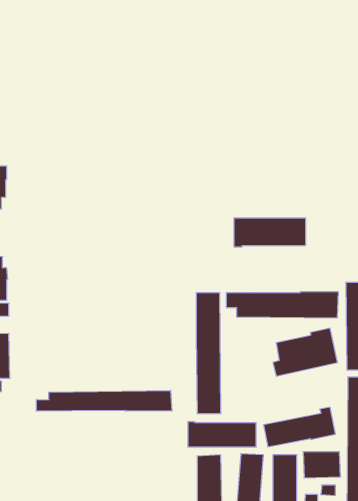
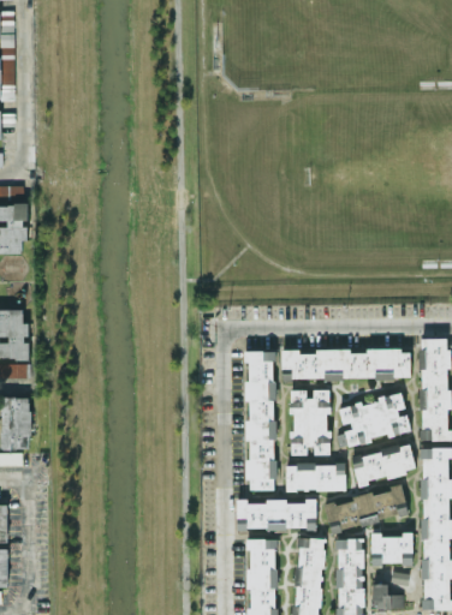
building: [234,218,305,247] -> none
building: none -> [290,389,331,455]
building: none -> [351,444,416,486]
building: [36,390,172,411] -> none
building: none -> [285,464,345,491]

